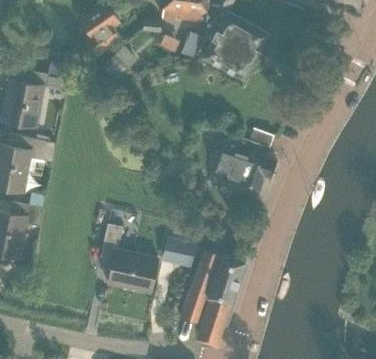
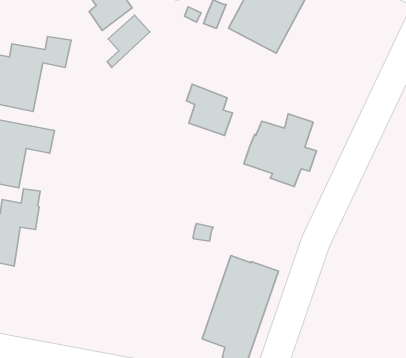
building: none -> [186,84,232,136]
building: [101,224,156,295] -> none
building: [161,237,195,267] -> none

